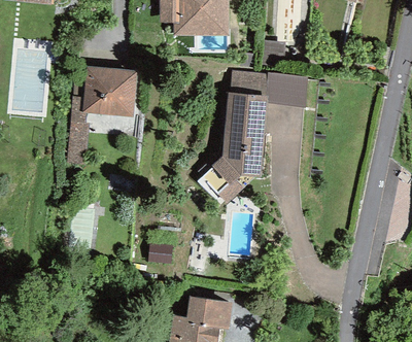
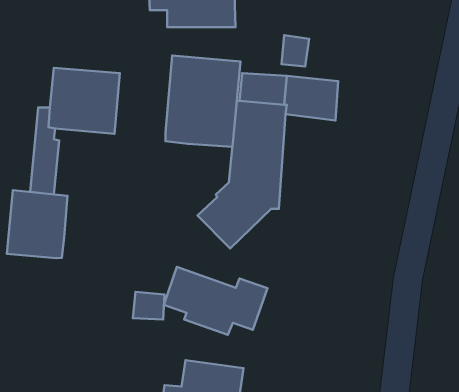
building: none -> [165,56,240,147]
building: none -> [7,190,68,258]
building: none -> [164,267,267,335]

